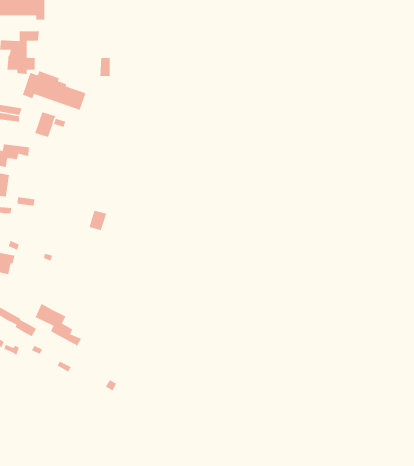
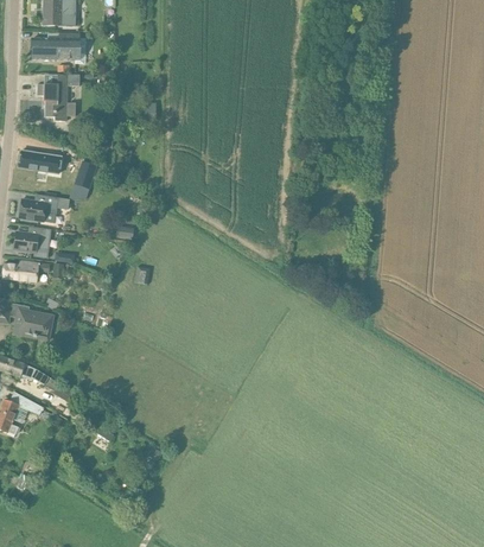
building: [22,70,86,111] -> none
building: [35,303,82,346] -> none

